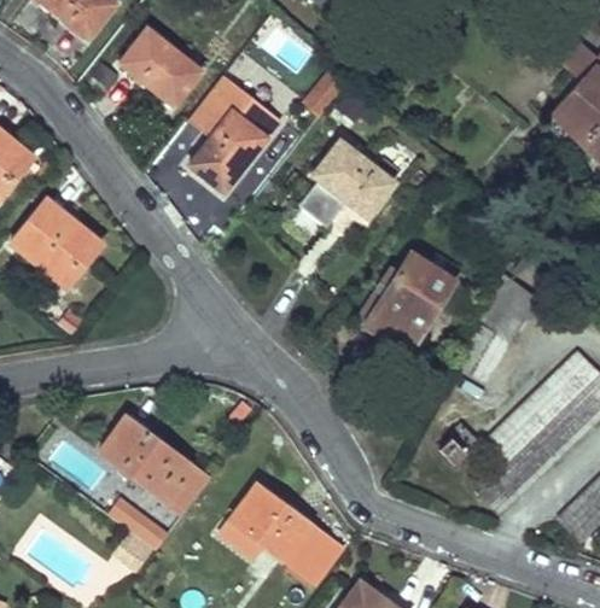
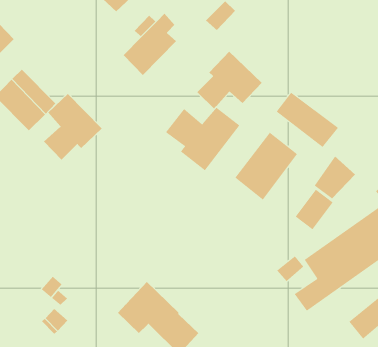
building: none -> [276,92,339,148]
building: none -> [165,107,240,171]
building: none -> [43,93,102,160]
building: [99,416,209,514] -> none

